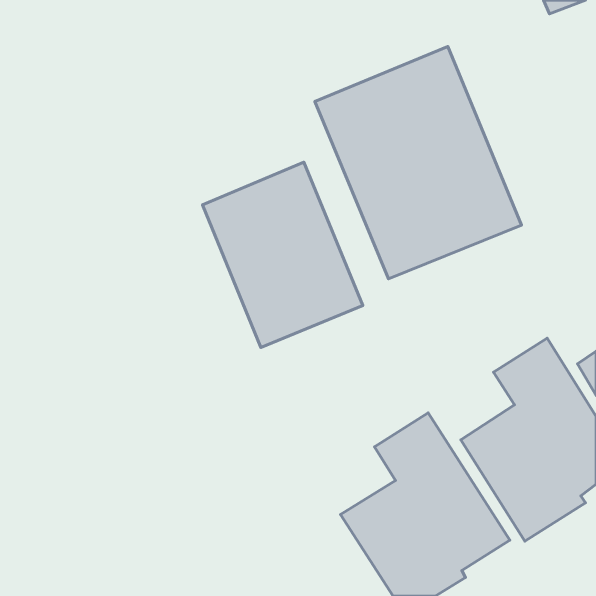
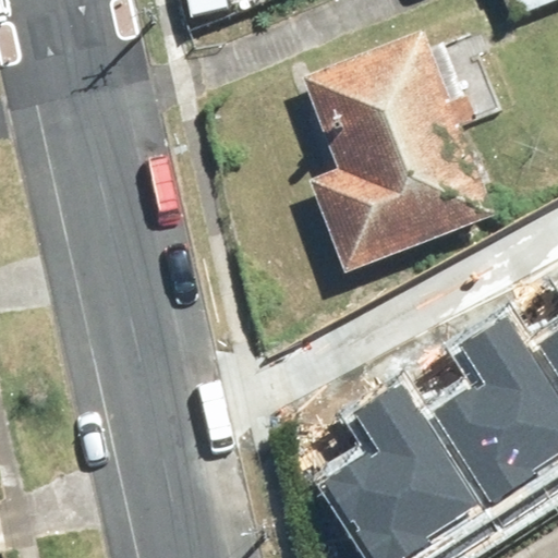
building: [202,162,363,348] -> none

